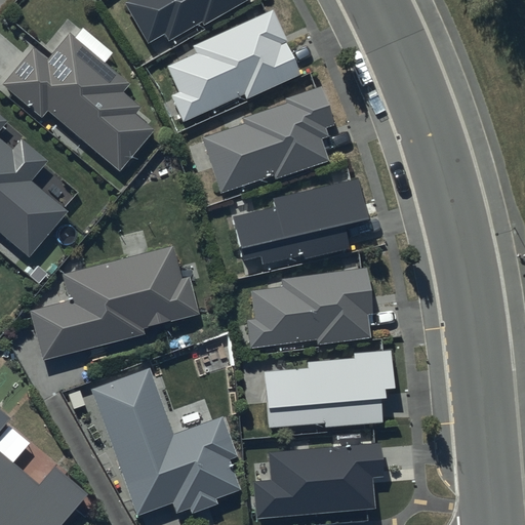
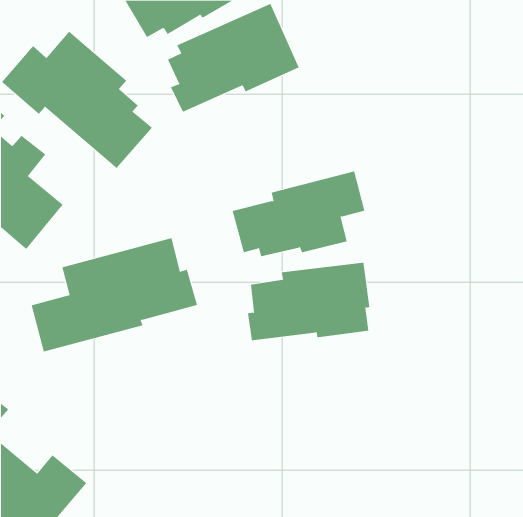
building: [203,87,332,192] -> none
building: [265,350,394,426] -> none
building: [90,370,240,518] -> none
building: [255,444,383,517] -> none

